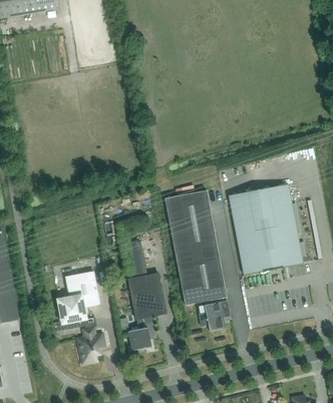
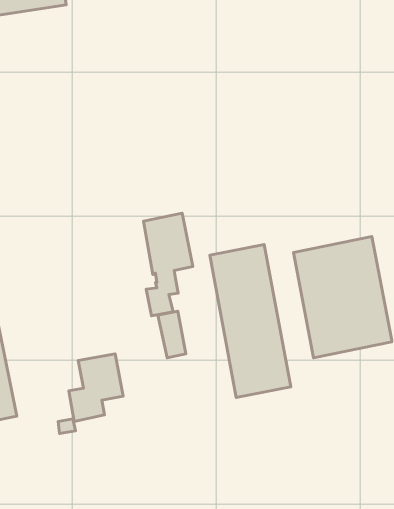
building: [128,273,165,350] -> [144,213,193,316]
building: [198,302,225,331] -> none
building: [77,328,103,362] -> none

